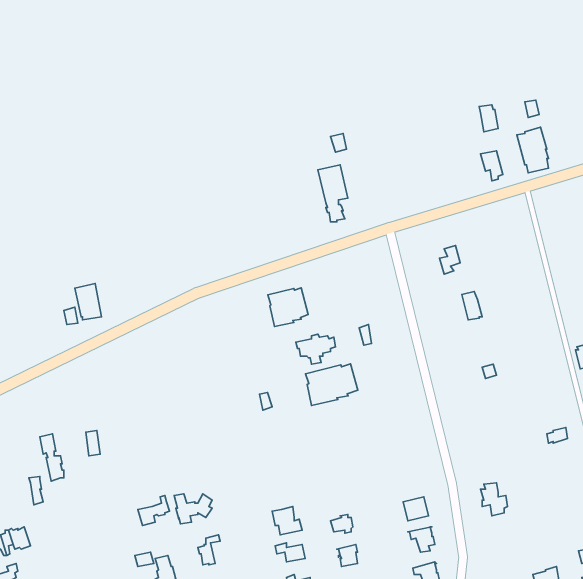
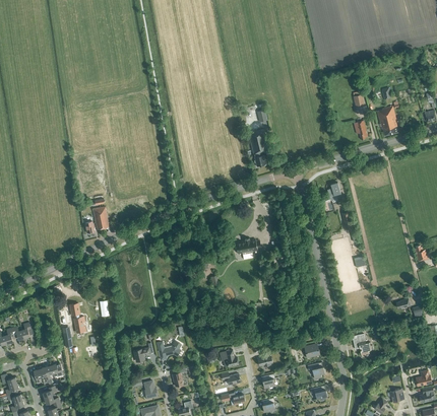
building: [268,288,308,327] -> none
building: [306,364,358,405] -> none

